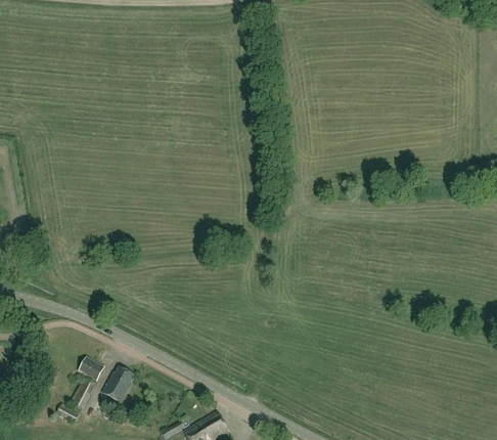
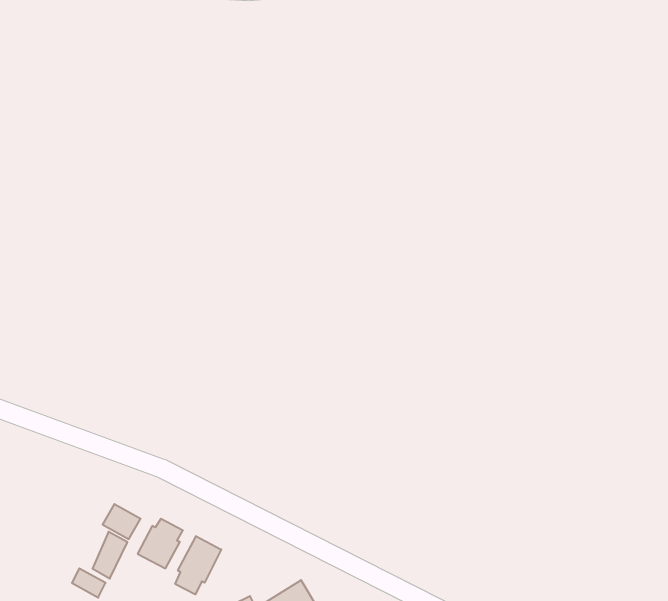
building: none -> [175,536,221,594]

